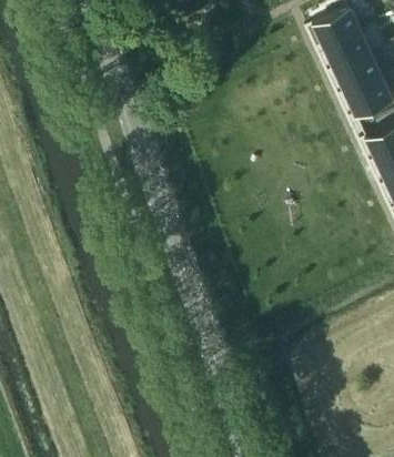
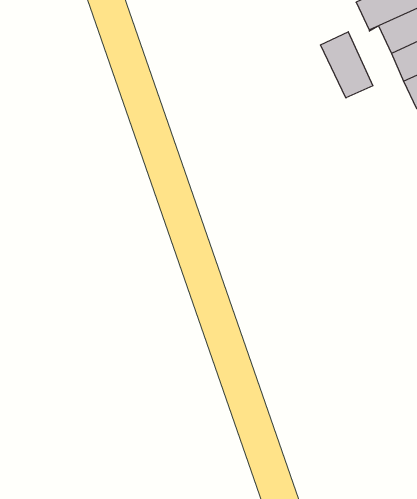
building: none -> [321,32,373,98]

